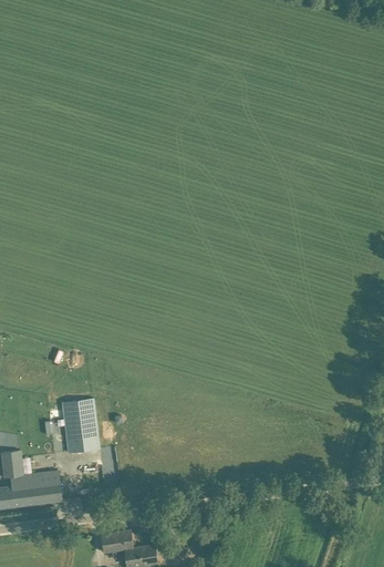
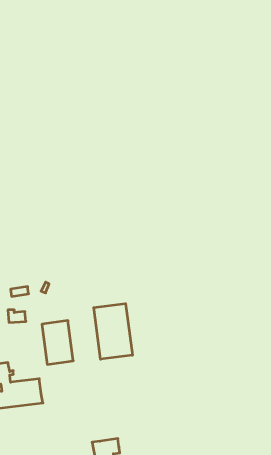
building: none -> [94,304,132,359]
building: [100,529,133,557] -> none

